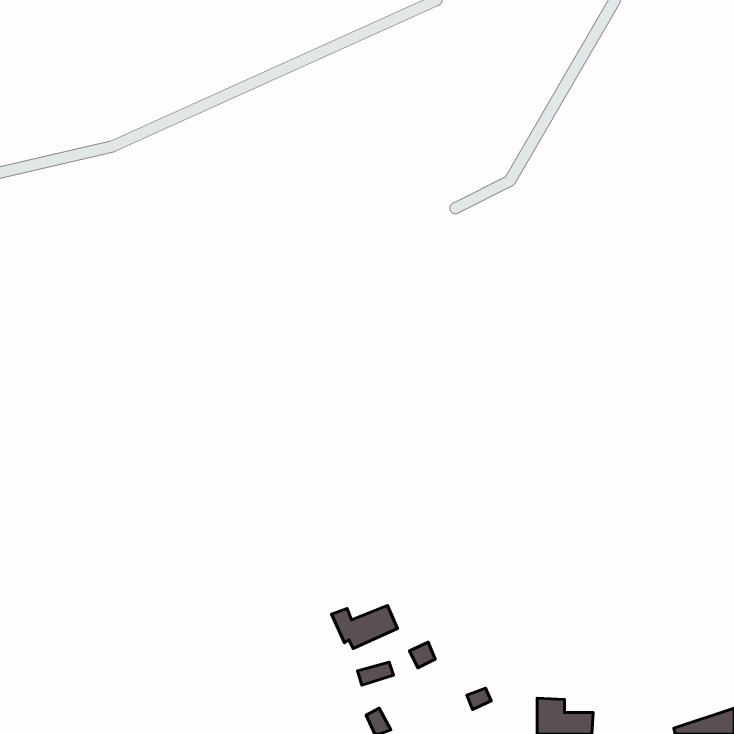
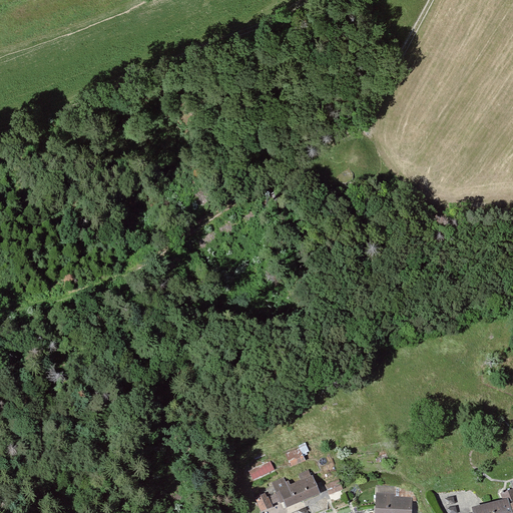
building: [331,606,398,649] -> [273,477,319,507]

